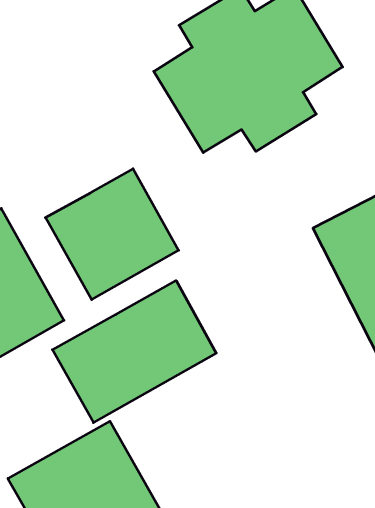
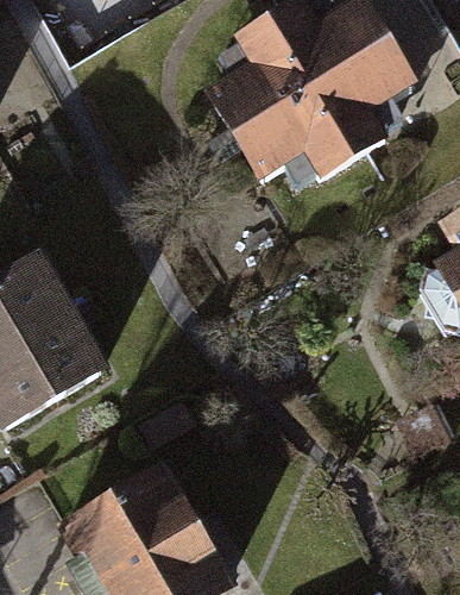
building: [45,169,179,300] -> none
building: [52,281,216,423] -> none

